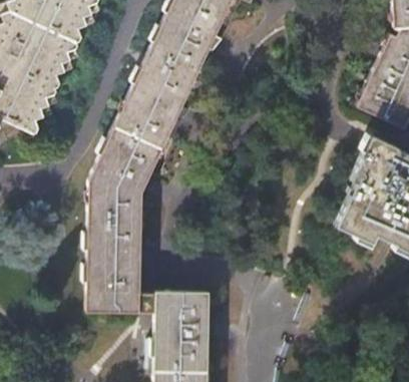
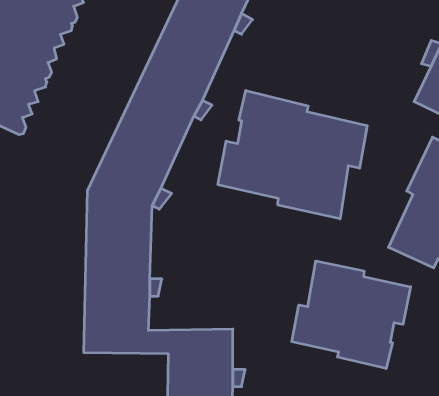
building: none -> [218,90,367,219]
building: none -> [292,261,411,369]

